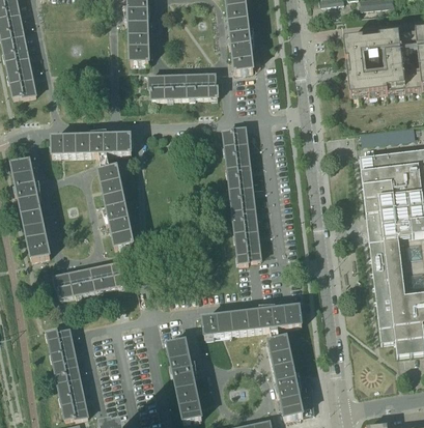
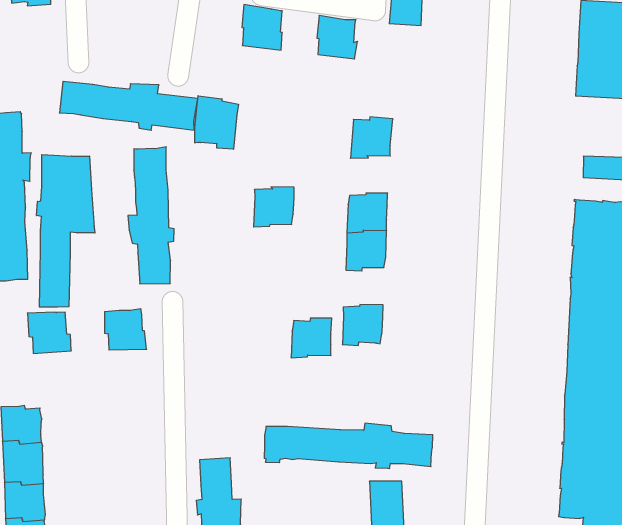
building: [171,75,196,98] -> none
building: none -> [195,96,238,149]
building: [225,149,250,176] -> [254,187,294,227]
building: none -> [37,155,95,307]
building: [233,215,258,241] -> [291,318,332,358]
building: [75,267,104,293] -> none

